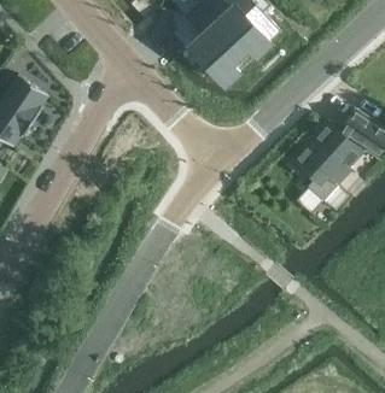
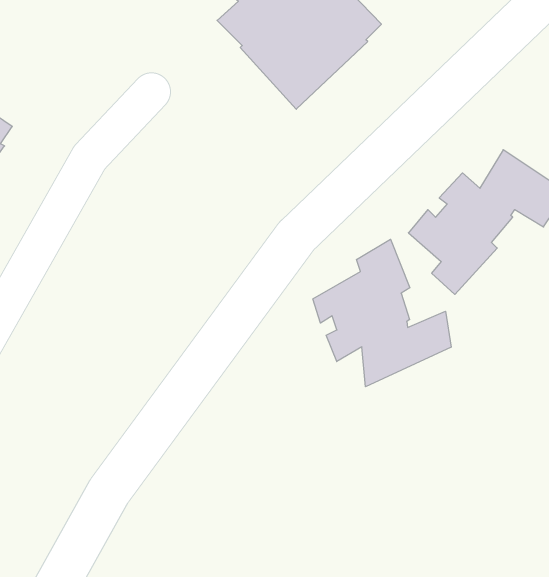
building: none -> [313,239,451,387]

